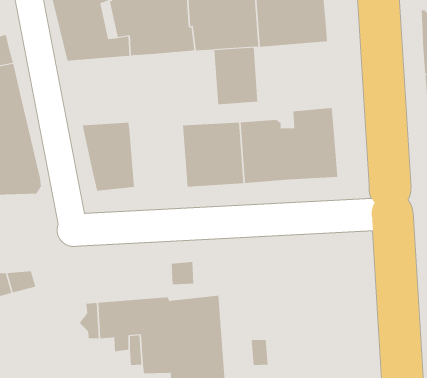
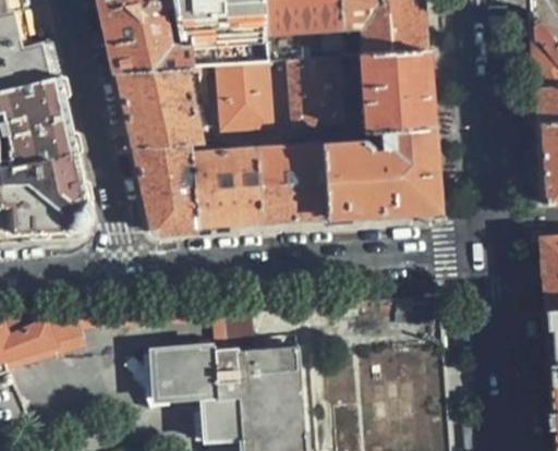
building: none -> [357,49,428,131]
building: none -> [215,60,270,127]
building: none -> [117,66,199,147]
building: none -> [191,147,257,231]

